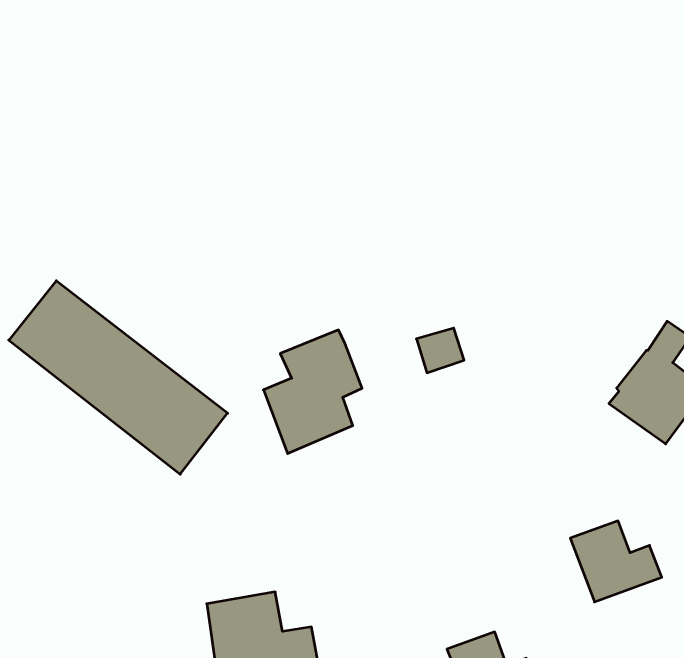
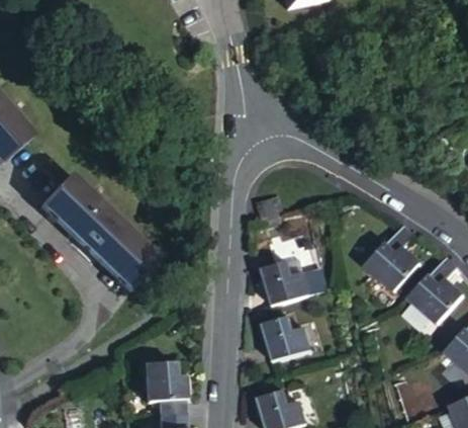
building: [263,330,362,454] -> [265,241,319,307]
building: [570,521,662,602] -> [265,319,313,362]

